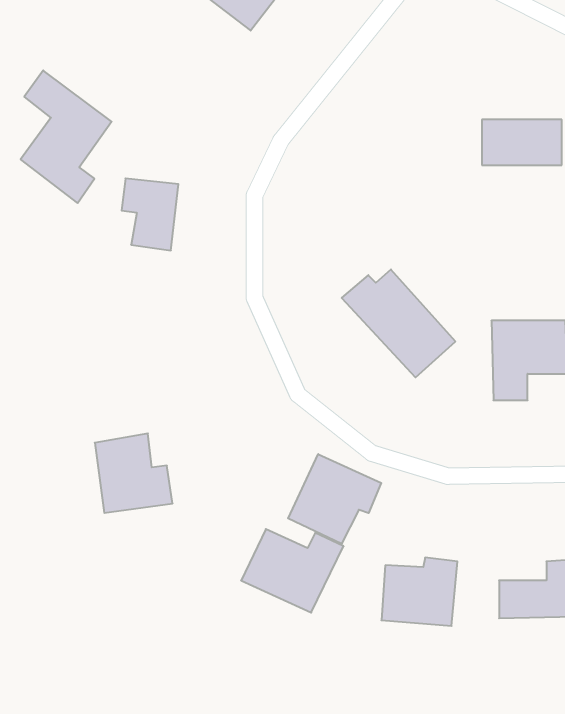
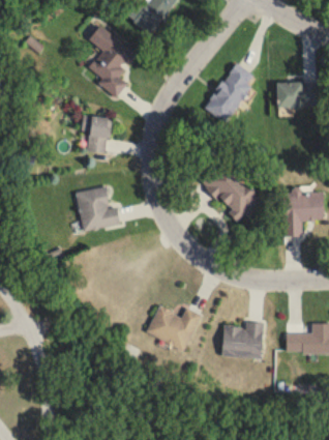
building: [21,70,112,203] -> [87,24,137,96]
building: none -> [205,62,257,122]
building: [95,433,173,513] -> [78,186,120,230]
building: [288,454,381,544] -> none

